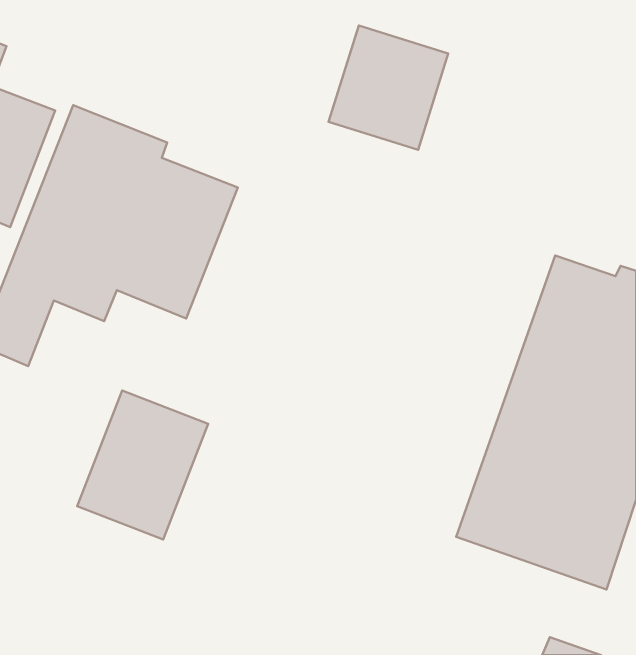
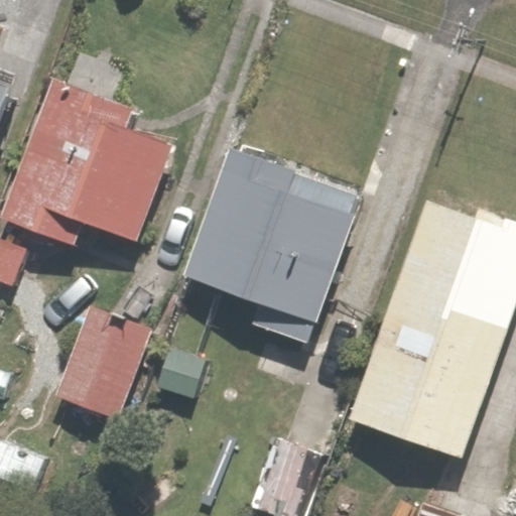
building: [329,26,448,150] -> none
building: none -> [194,149,362,318]

